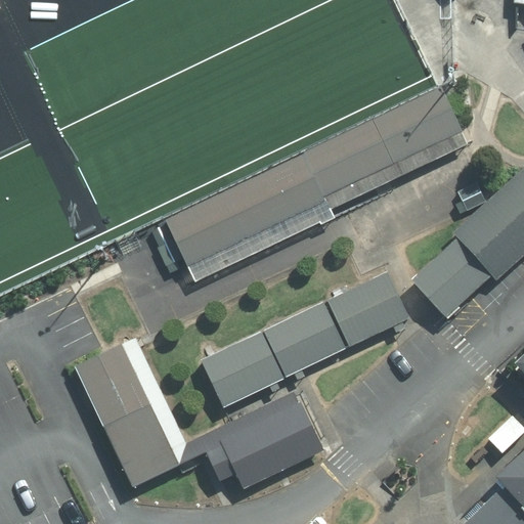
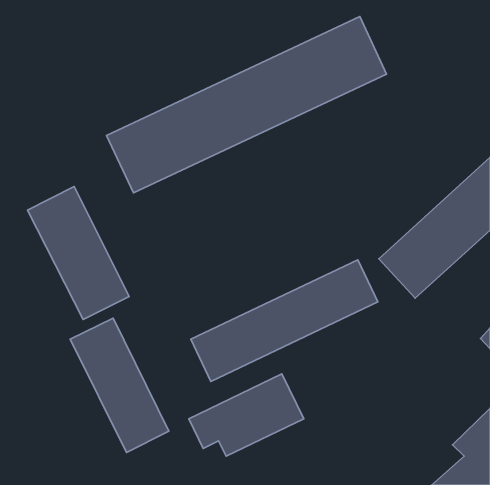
building: [168,90,467,278] -> [107,17,387,193]
building: none -> [27,186,129,319]

